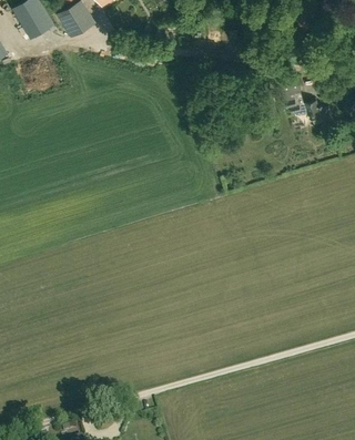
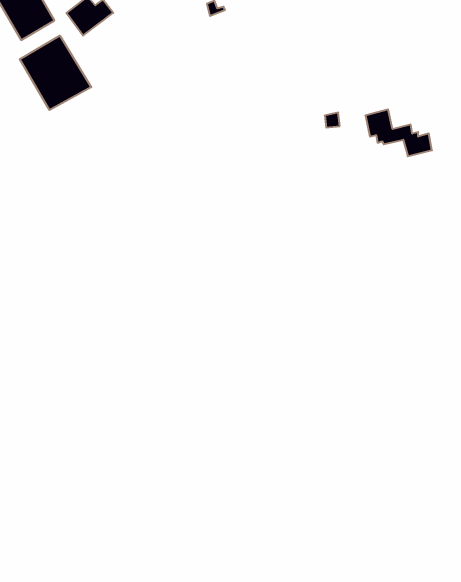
building: none -> [20,36,91,110]

